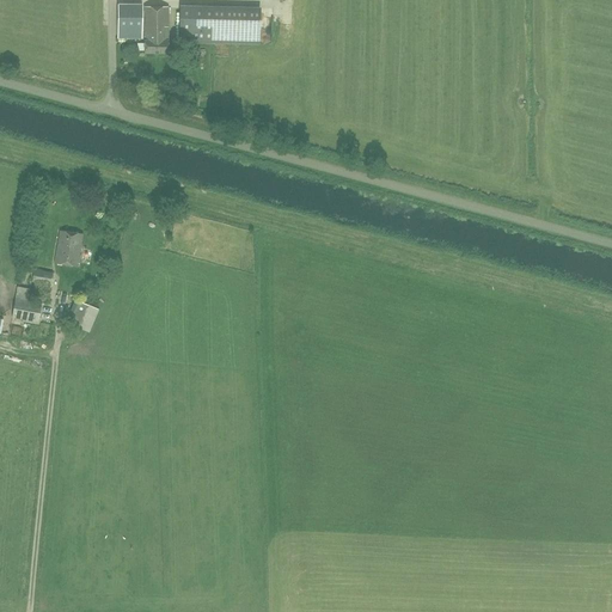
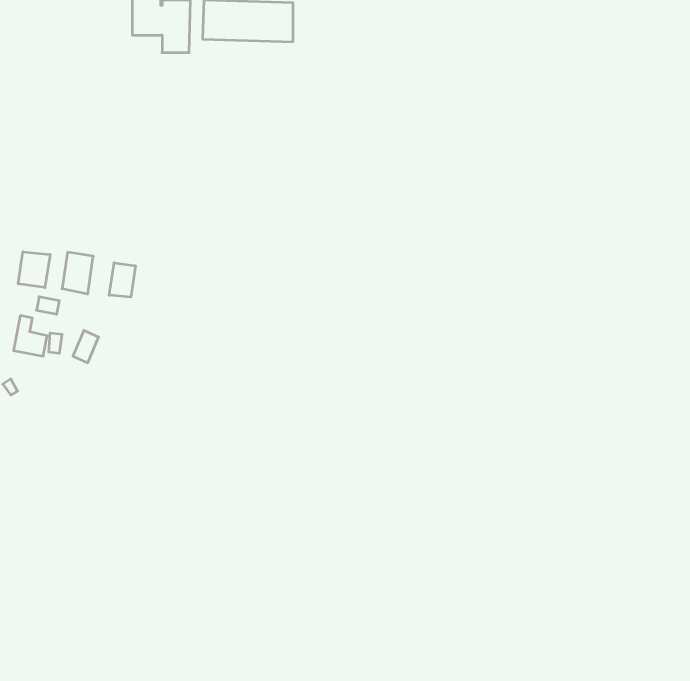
building: none -> [18,252,50,288]
building: none -> [109,263,135,297]

